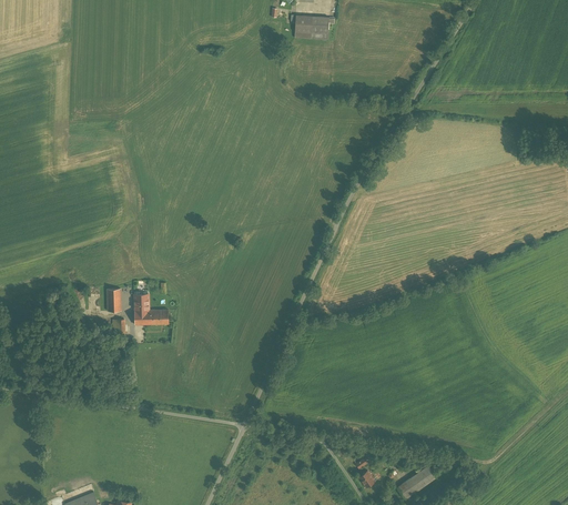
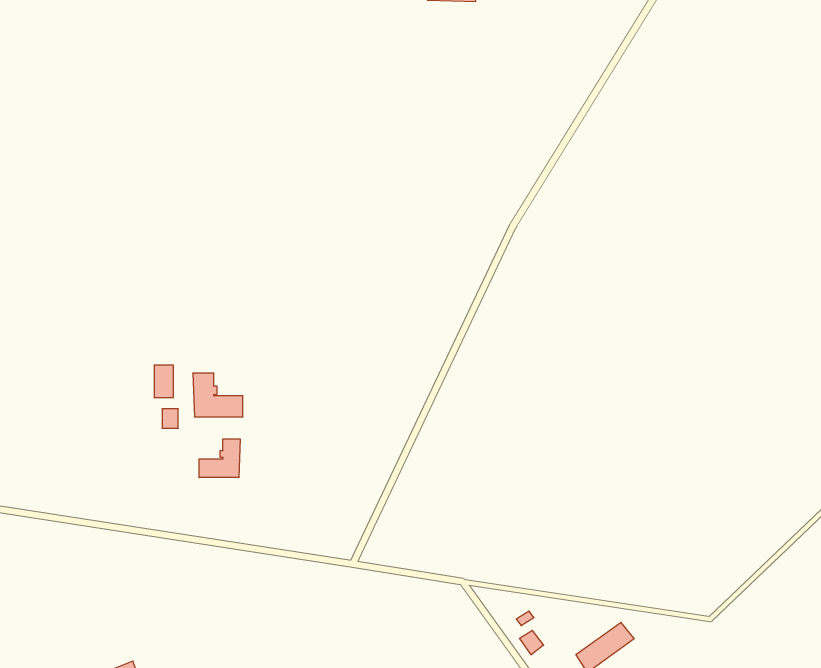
building: none -> [199,439,240,478]

